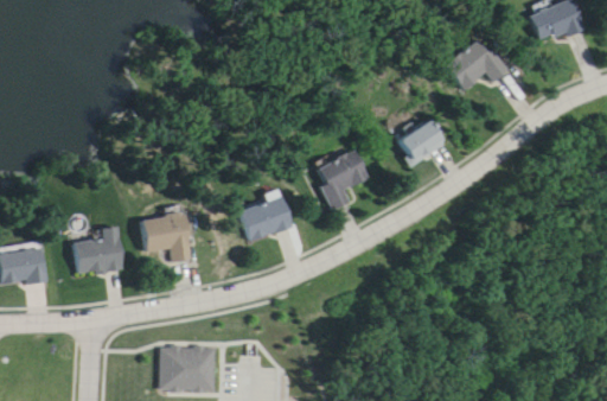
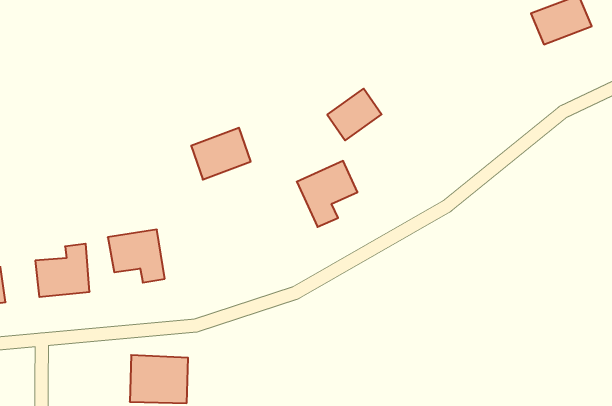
building: [443,38,507,93] -> none
building: [396,121,446,168] -> [327,89,382,140]
building: [238,197,293,244] -> [191,128,251,180]

